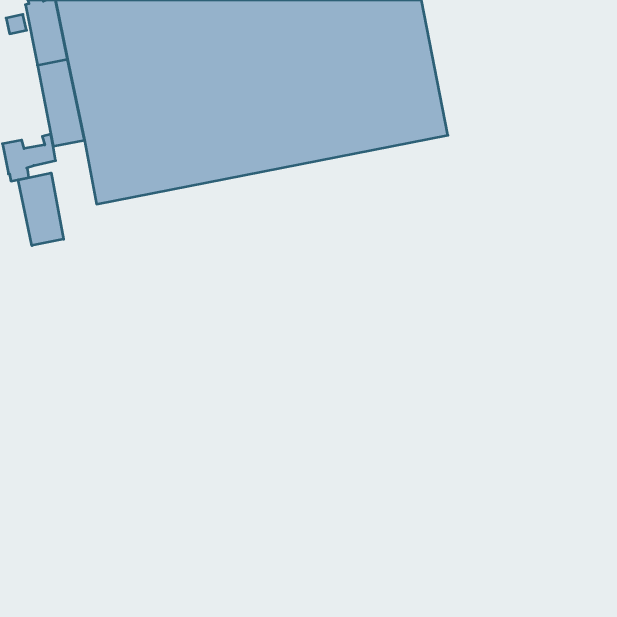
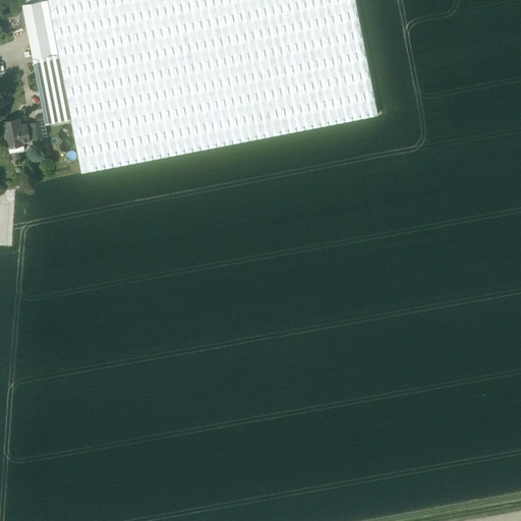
building: [18,173,64,246] -> none

